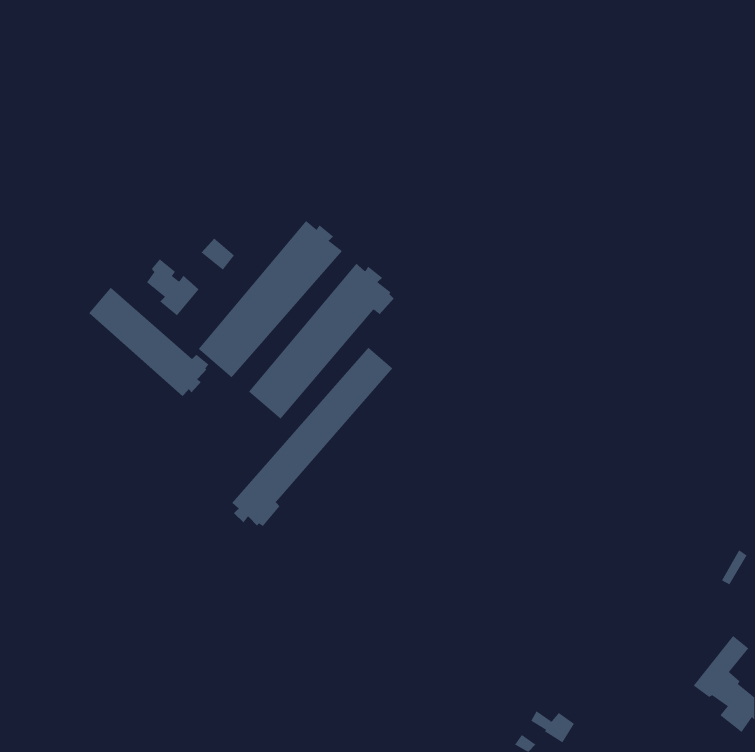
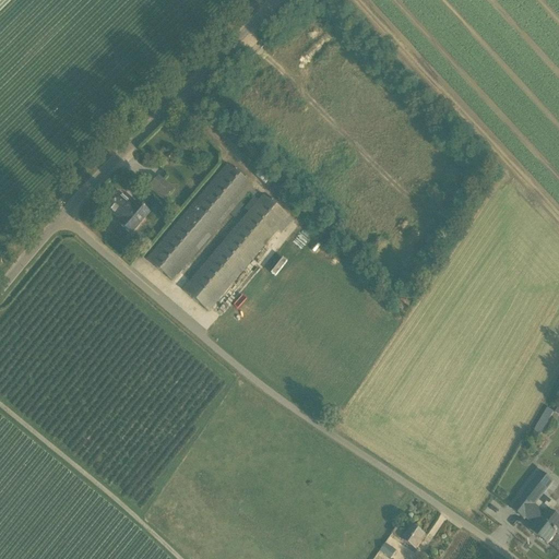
building: [88,287,209,397] -> none
building: [231,347,393,527] -> none

